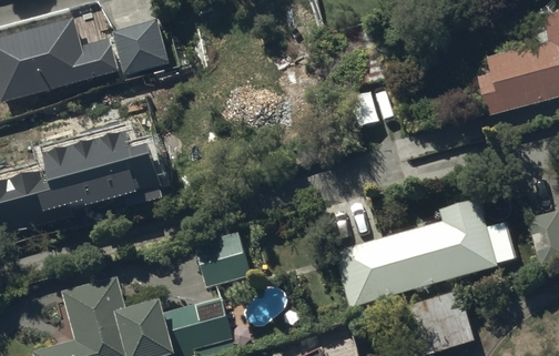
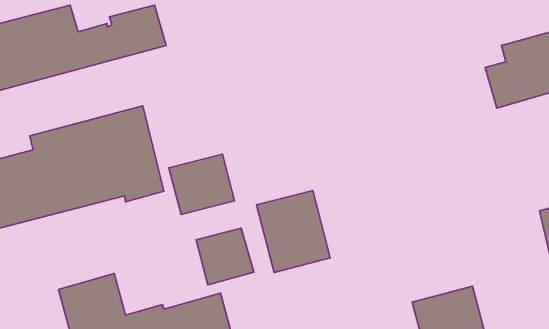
building: none -> [169,154,234,215]
building: none -> [257,190,330,272]
building: [335,200,516,304] -> none

